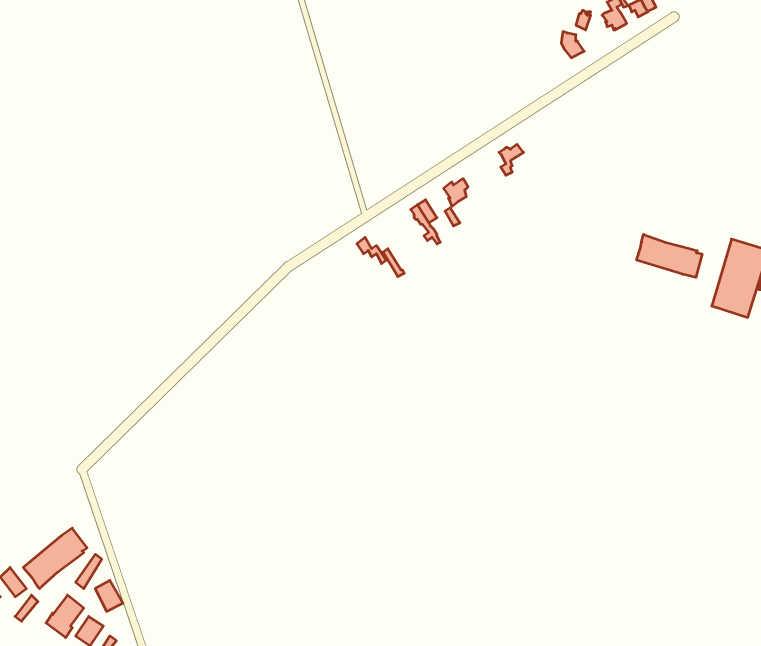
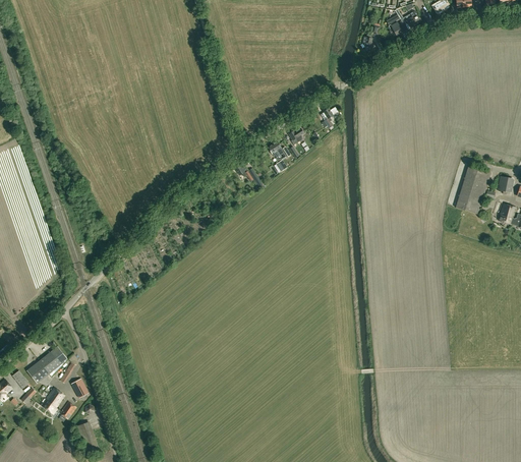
building: [637,234,702,277] -> none

